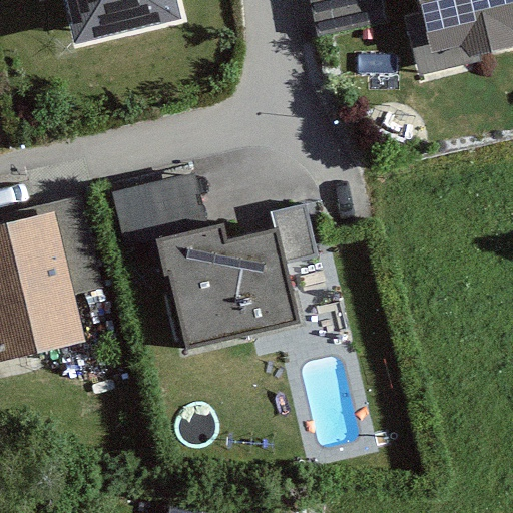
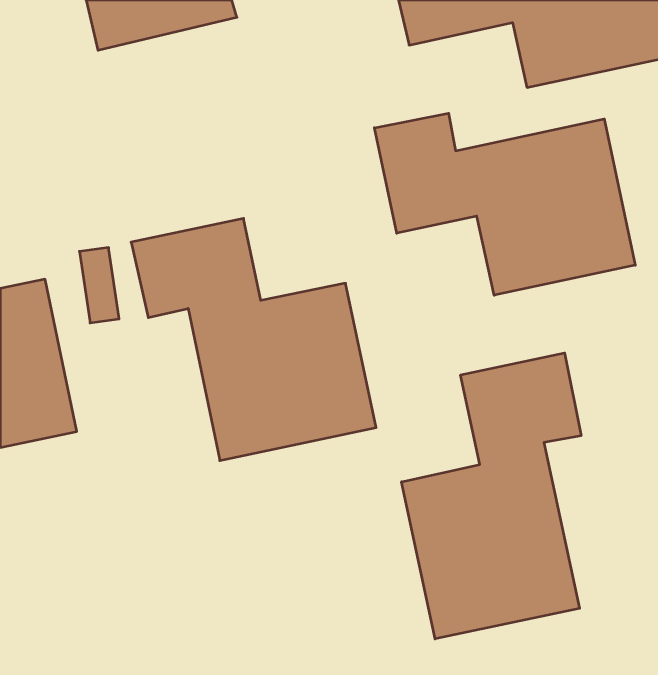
building: none -> [374,113,635,295]
building: none -> [402,353,581,639]

